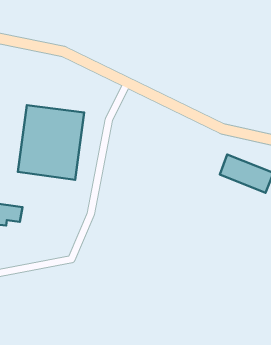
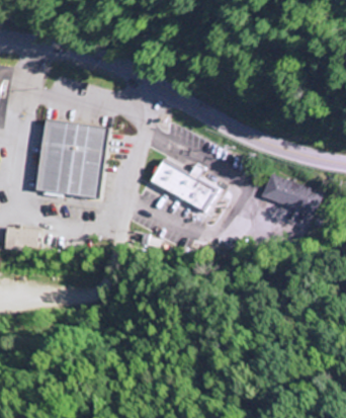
building: none -> [147,156,219,214]

